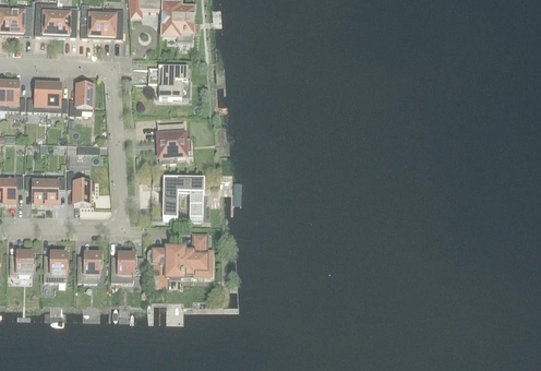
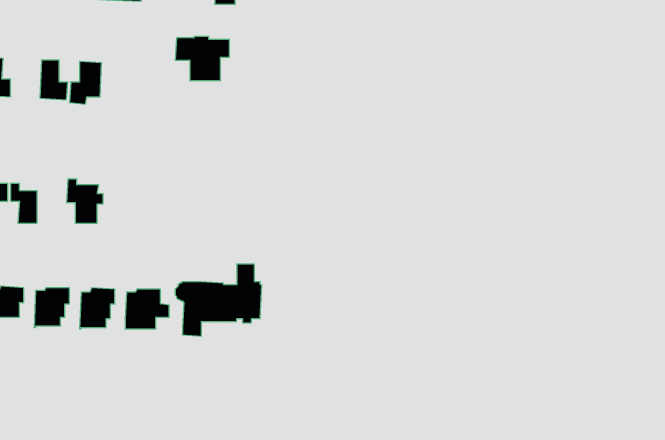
building: [27,80,48,109] -> none
building: [157,120,185,161] -> none
building: [45,173,65,202] -> none
building: [163,176,211,217] -> none

